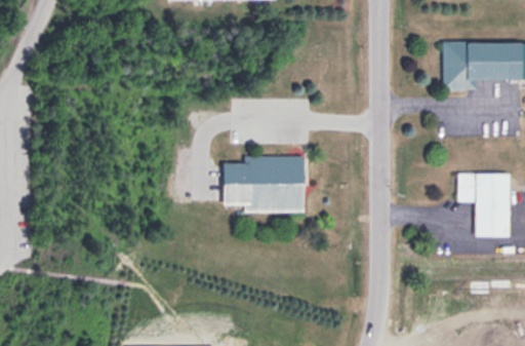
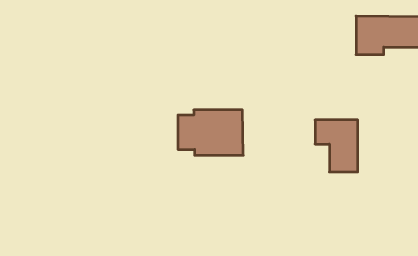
building: [457,172,510,236] -> [315,120,358,172]

